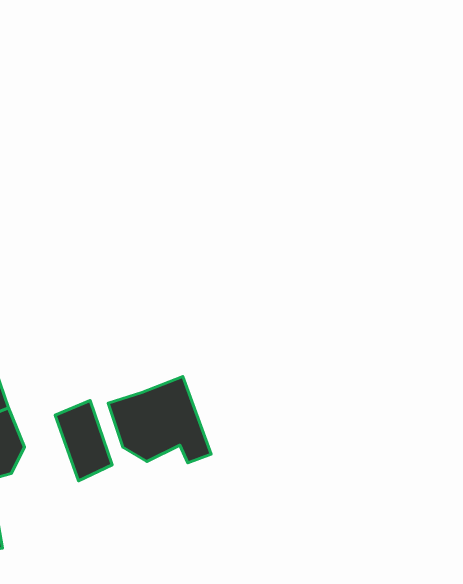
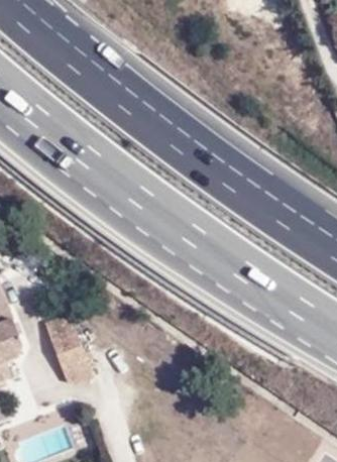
building: [108,377,211,463] -> none

